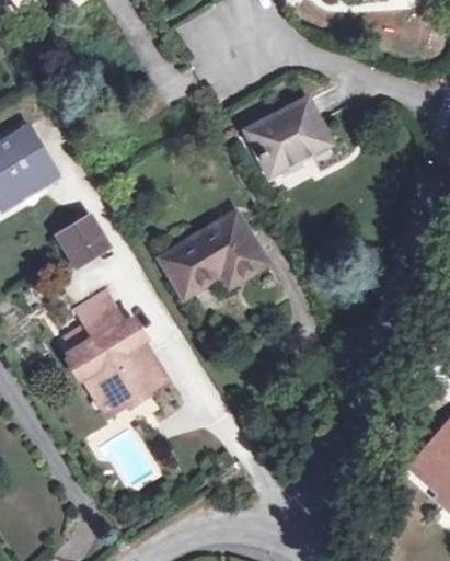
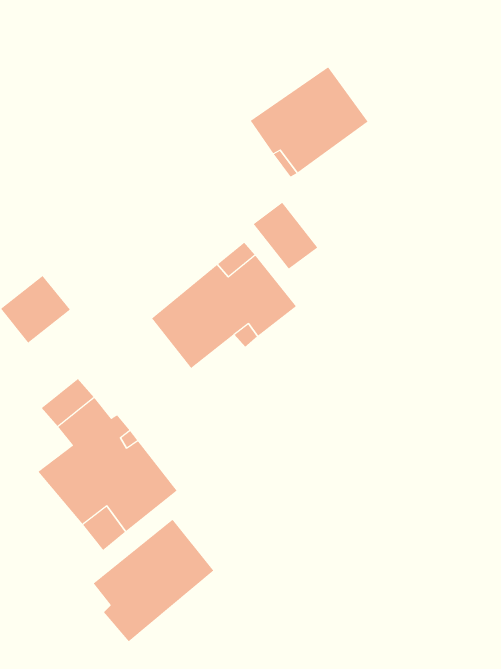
building: none -> [253,202,318,270]
building: none -> [93,519,214,642]

